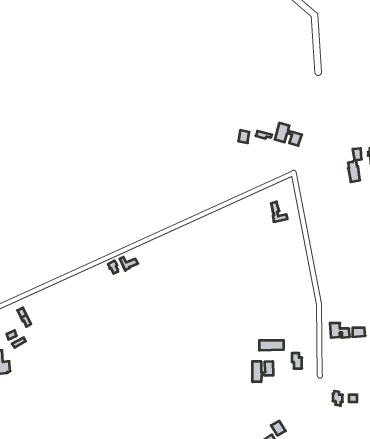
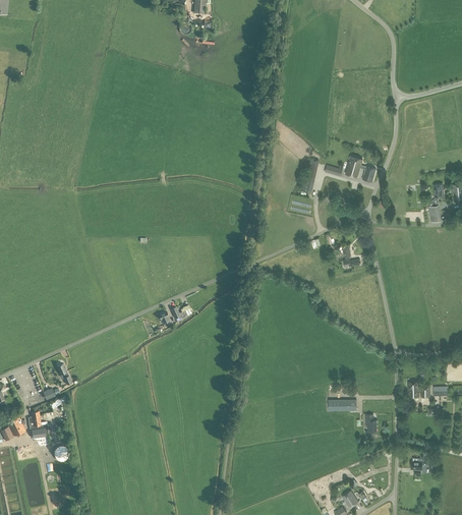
building: [252,361,273,382] -> none

